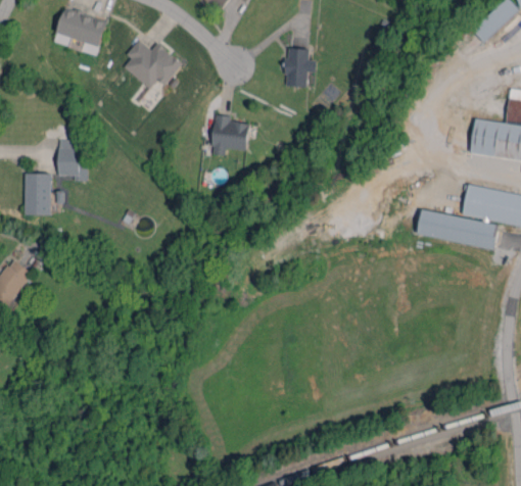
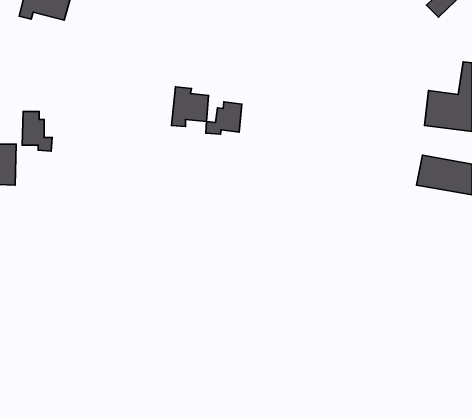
building: [123,40,182,88] -> none
building: [284,48,316,87] -> none
building: none -> [206,102,242,134]
building: [417,209,498,249] -> none

